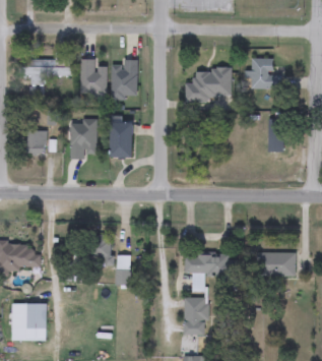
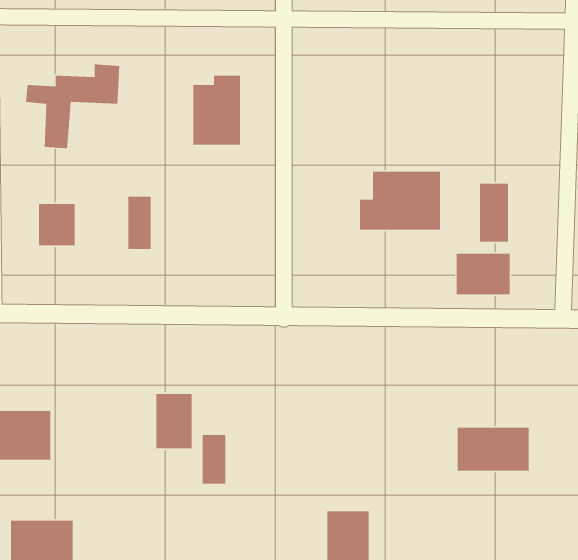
building: [251,59,281,89] -> none
building: [81,60,106,99] -> none
building: [186,69,231,102] -> [359,171,441,230]
building: [111,122,133,158] -> none
building: none -> [456,253,511,295]
building: [184,254,237,291] -> none

